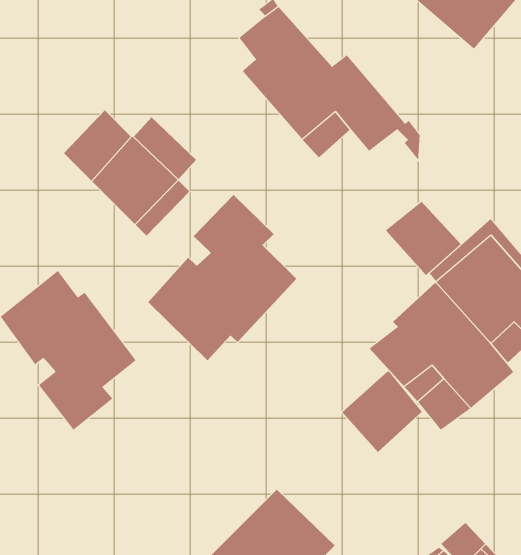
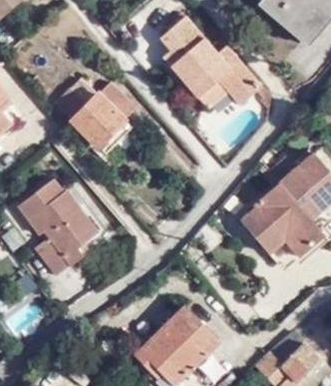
building: [148,194,297,361] -> none
building: [386,201,461,276] -> none
building: [341,371,422,453] -> none

